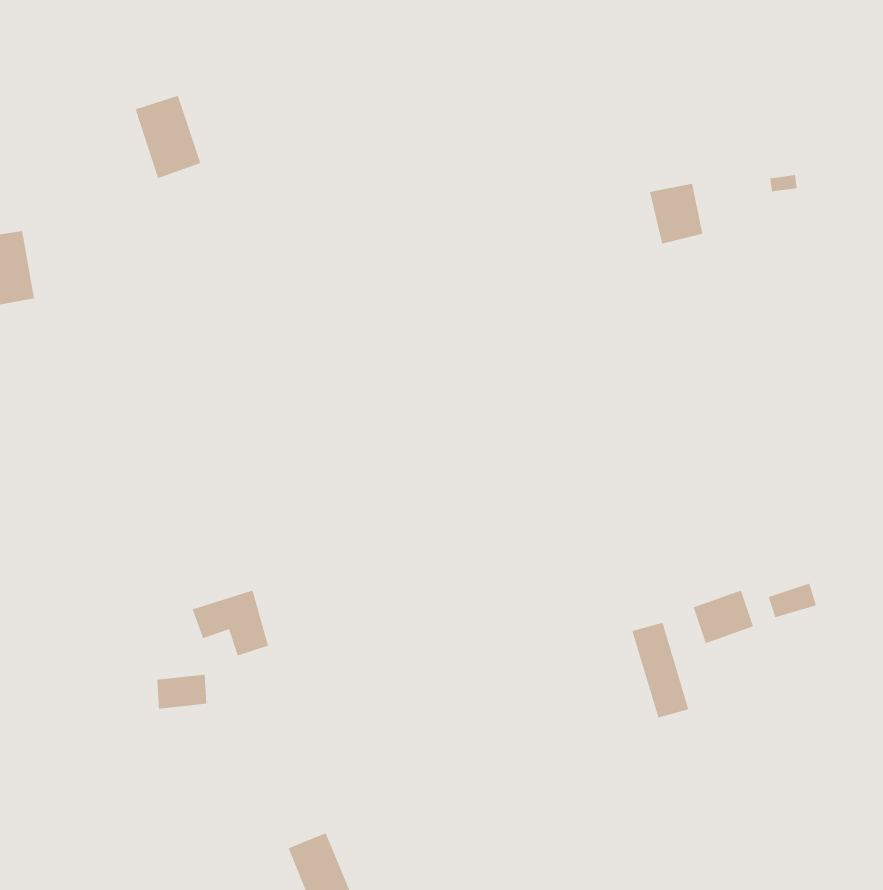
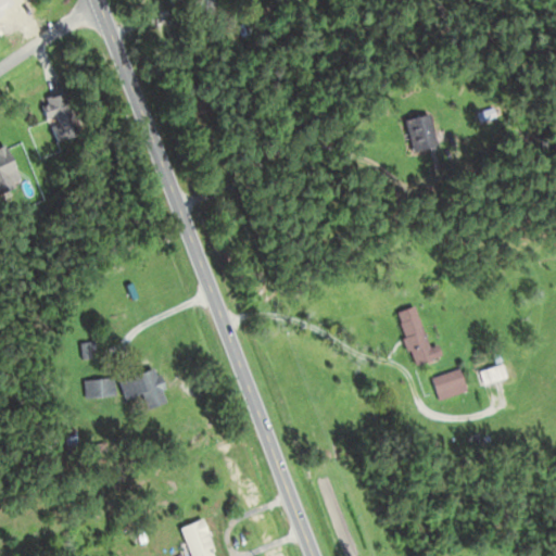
building: [135,95,201,179] -> [41,92,83,144]
building: [632,622,689,718] -> [399,306,434,366]
building: [157,674,207,709] -> [83,377,114,399]

